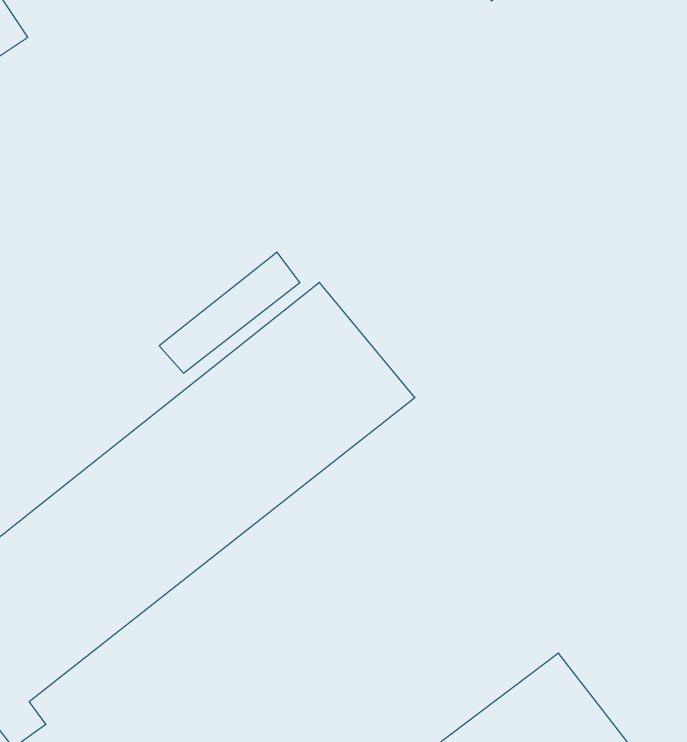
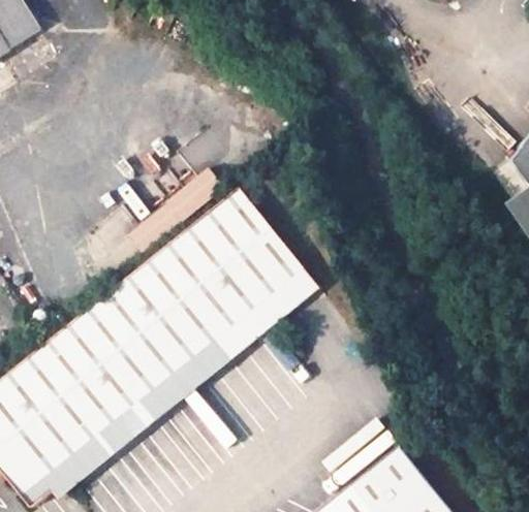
building: none -> [40,271,319,498]

